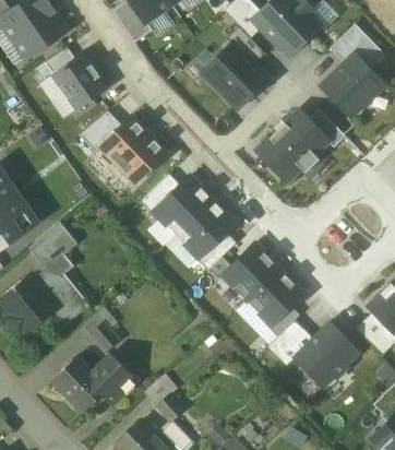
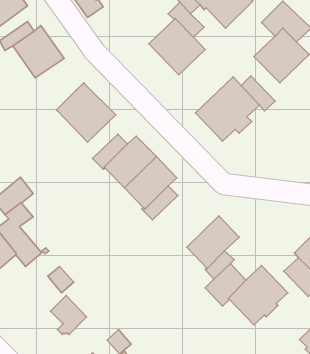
building: [80,111,122,154] -> none
building: [224,244,283,301] -> none
building: [52,357,108,413] -> none

